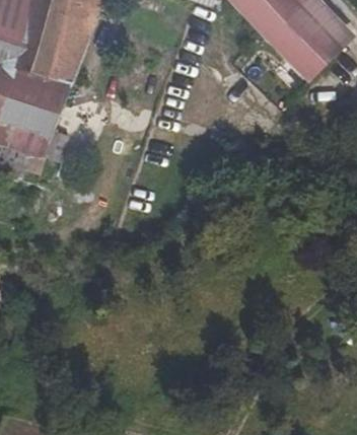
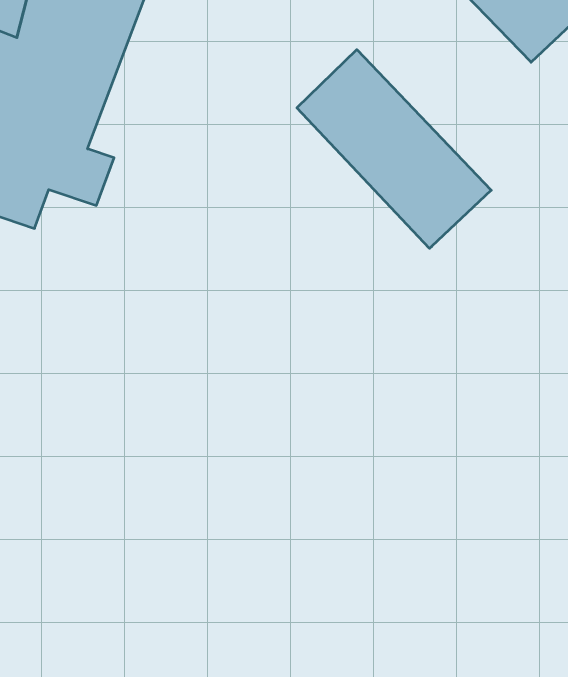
building: none -> [297,50,491,248]

